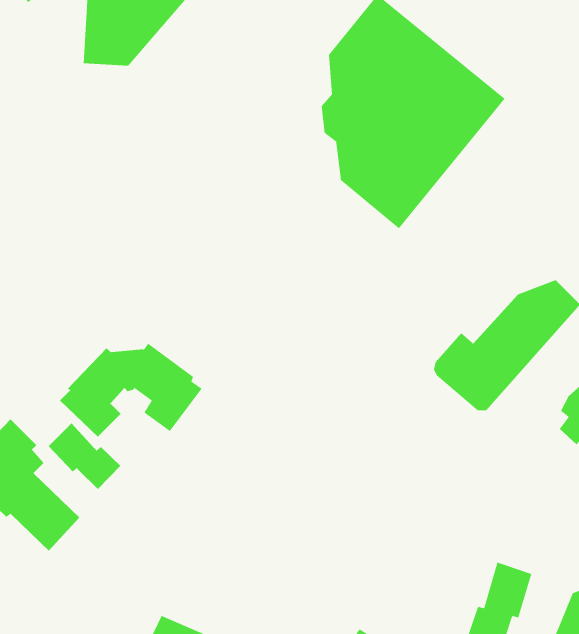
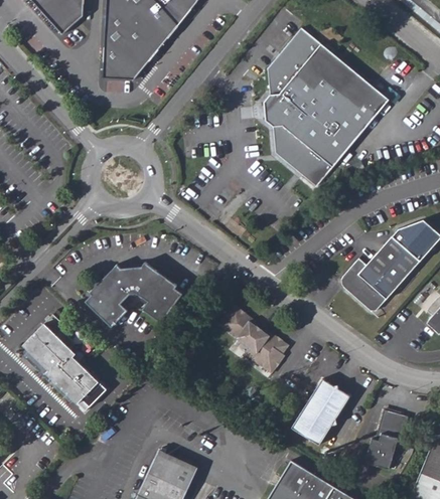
building: none -> [219,308,289,376]
building: [48,422,121,490] -> none
building: none -> [290,382,349,450]

